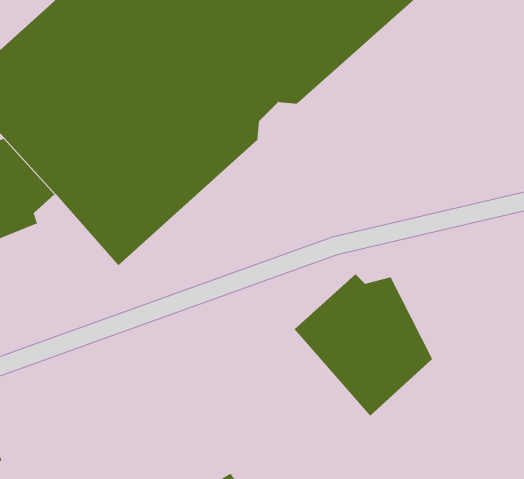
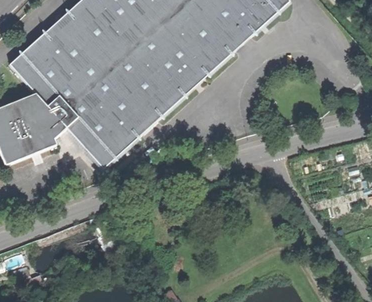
building: [294,274,433,416] -> none

